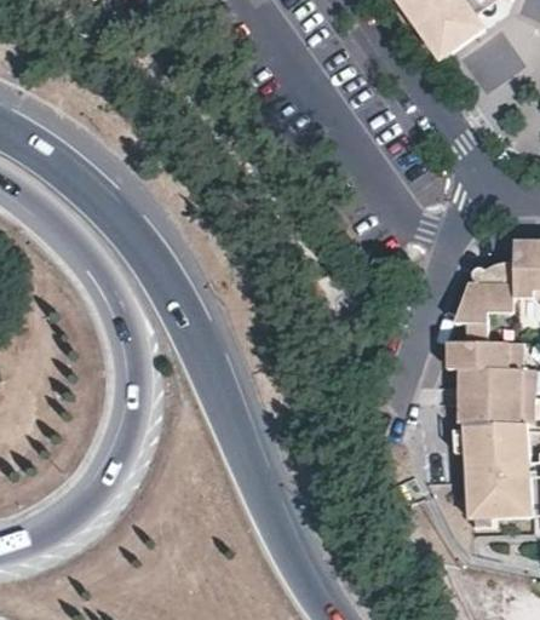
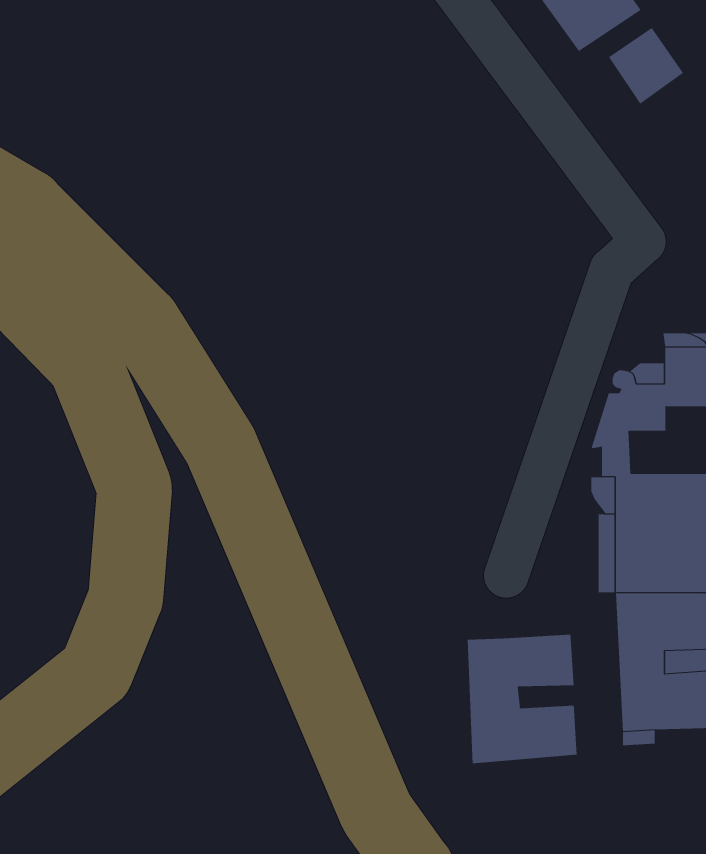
building: none -> [467,634,577,764]

